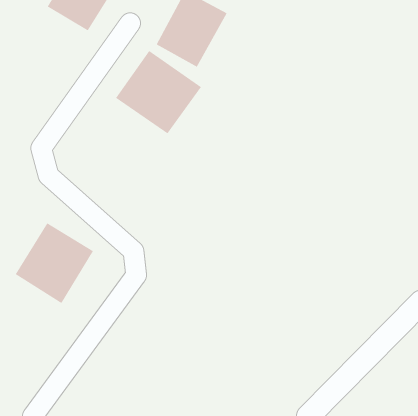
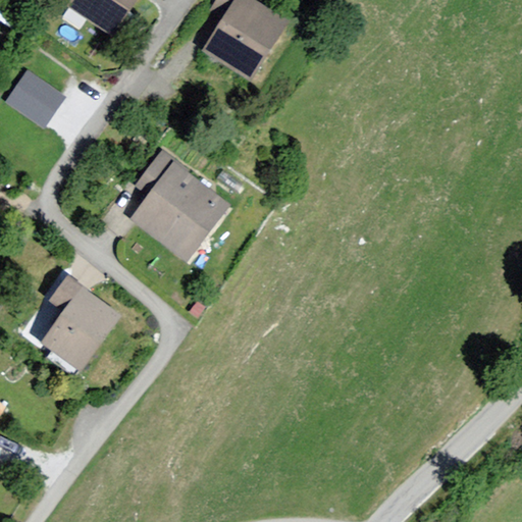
building: [115,50,202,134] -> [125,156,232,260]
building: none -> [13,69,65,119]

